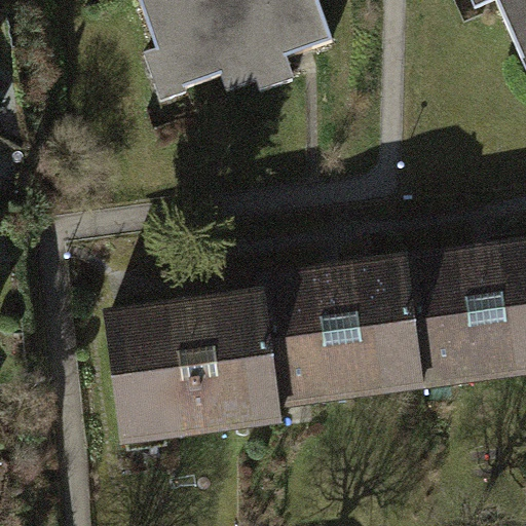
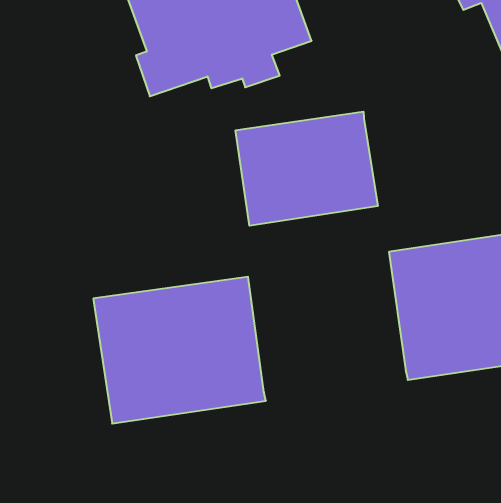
building: none -> [236,112,378,226]
building: [260,249,426,406] -> none

